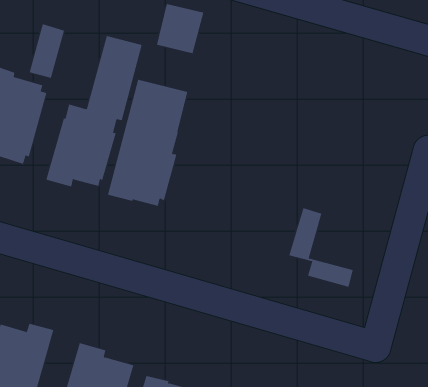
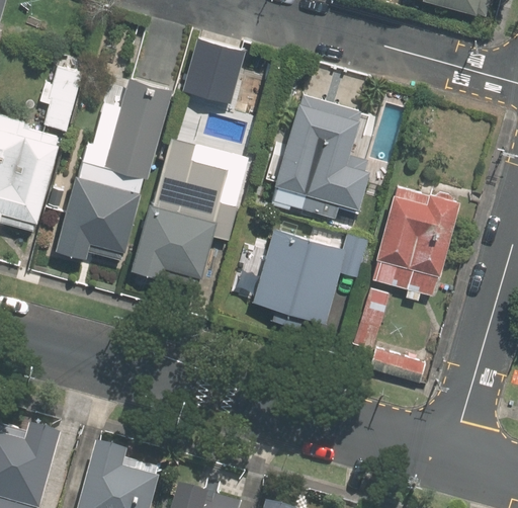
building: none -> [274,90,374,217]
building: none -> [373,187,461,300]
building: none -> [252,229,363,330]

